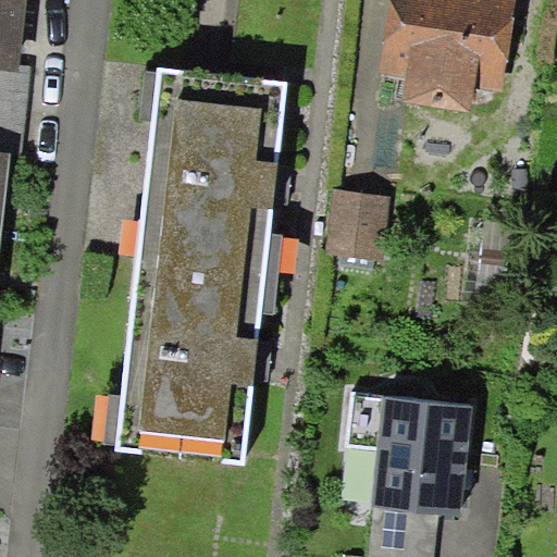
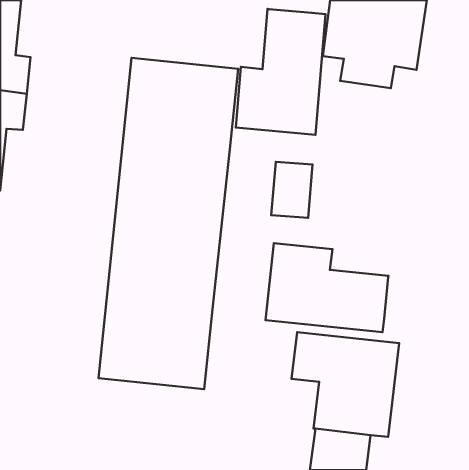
building: none -> [236,9,325,135]
building: none -> [265,243,389,332]

